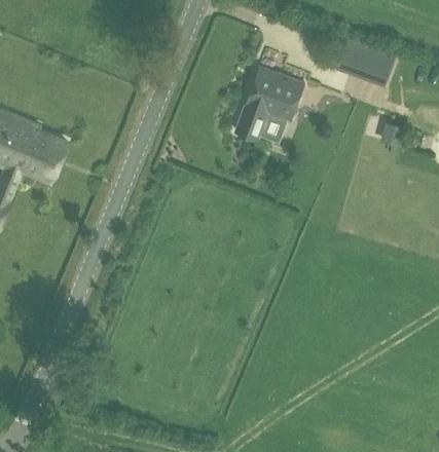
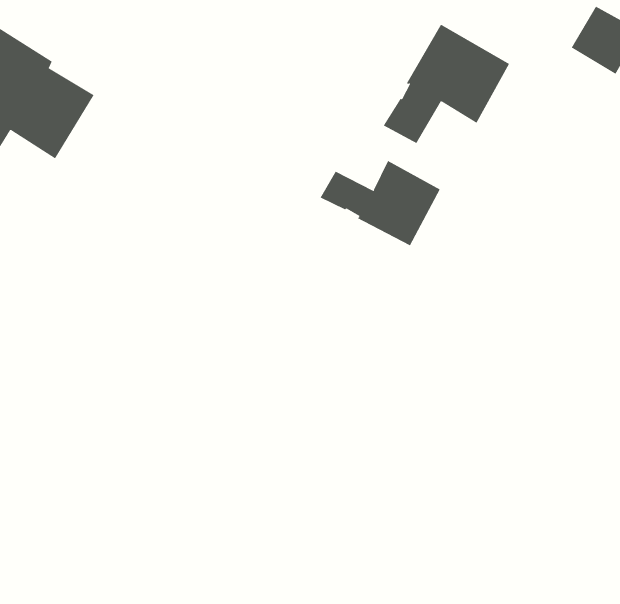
building: none -> [320,160,440,246]

